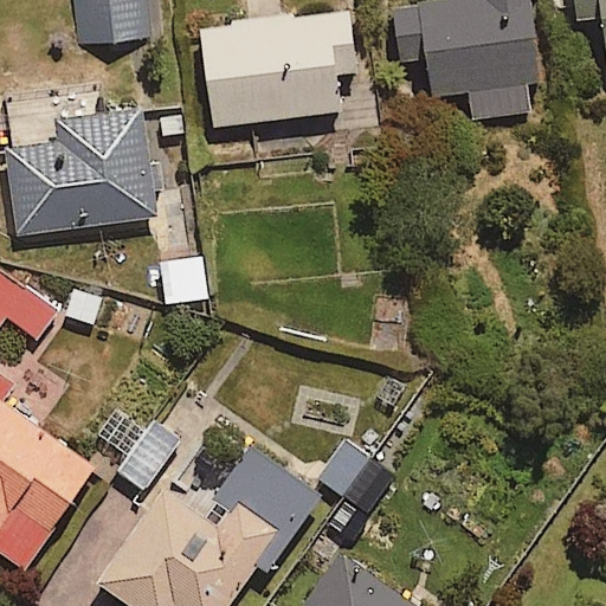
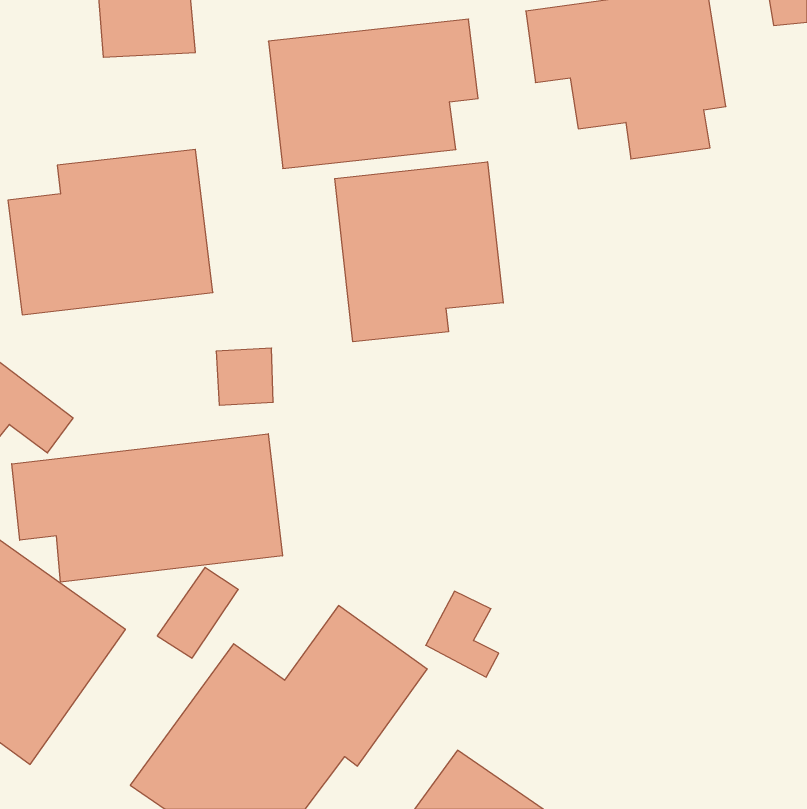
building: none -> [335,162,503,342]
building: none -> [12,434,282,582]

